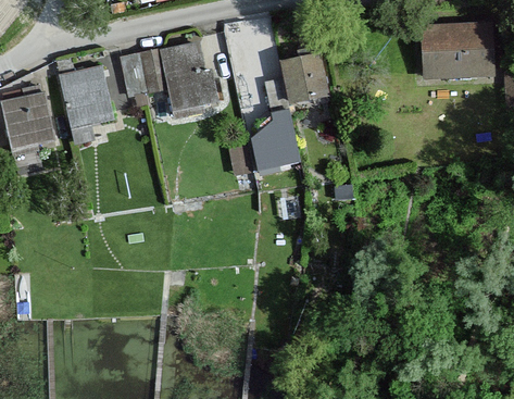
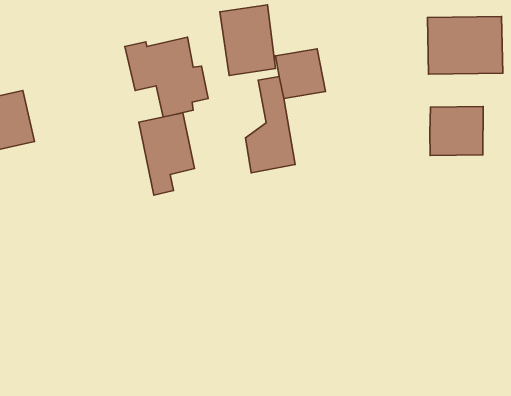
building: [118,52,149,98] -> none
building: [60,66,112,144] -> [139,113,195,195]
building: none -> [430,106,483,156]

